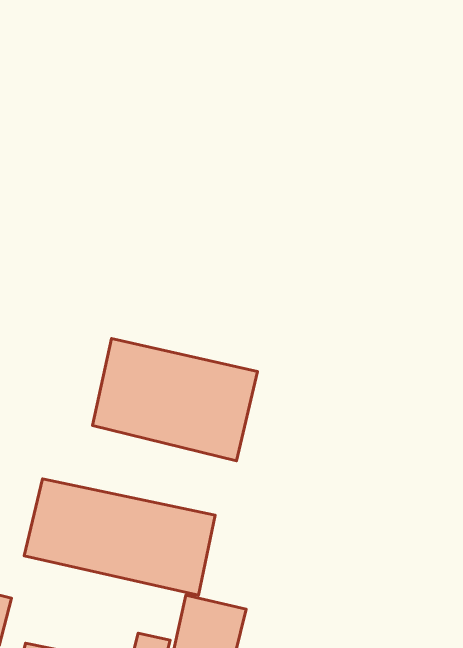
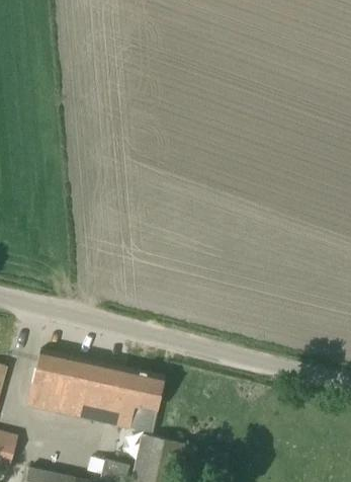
building: [93,339,258,461] -> none

